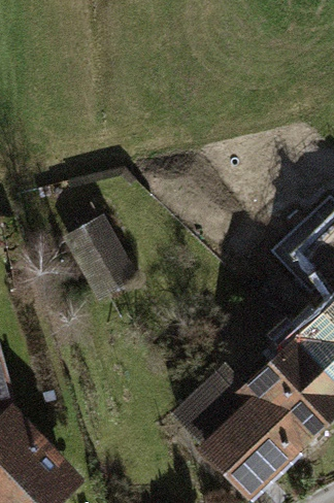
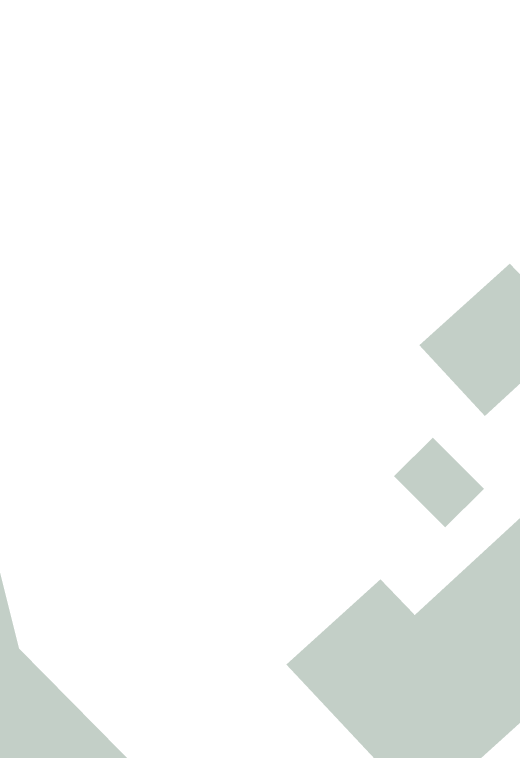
building: [62,208,142,299] -> none

